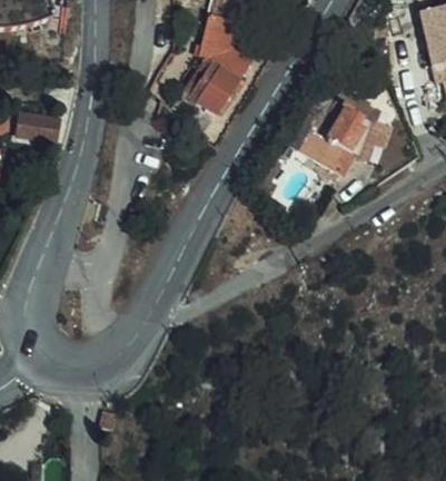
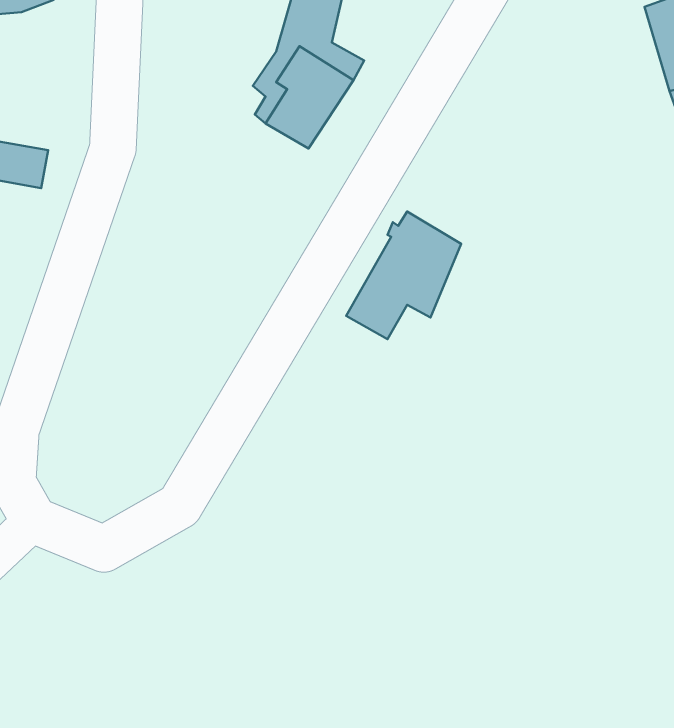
building: [305,90,376,169] -> [346,212,461,339]

